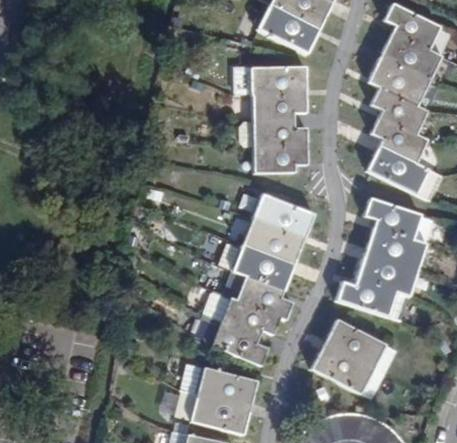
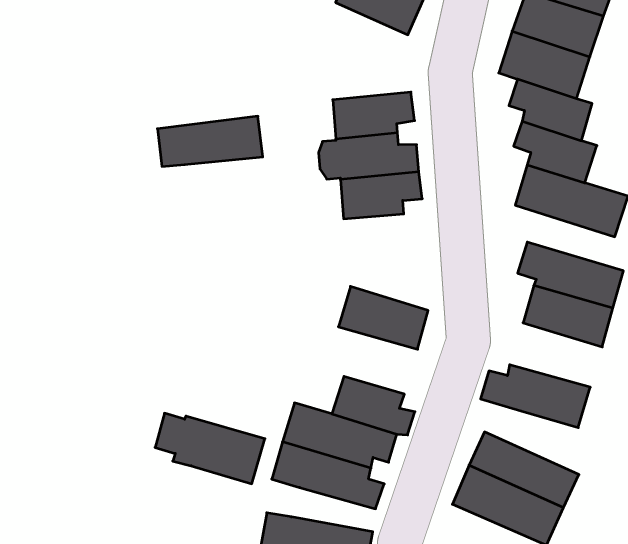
building: [238,65,306,93] -> [157,116,263,166]
building: [256,195,314,237] -> none
building: [224,240,297,291] -> [155,413,265,484]
building: [357,250,419,296] -> none

